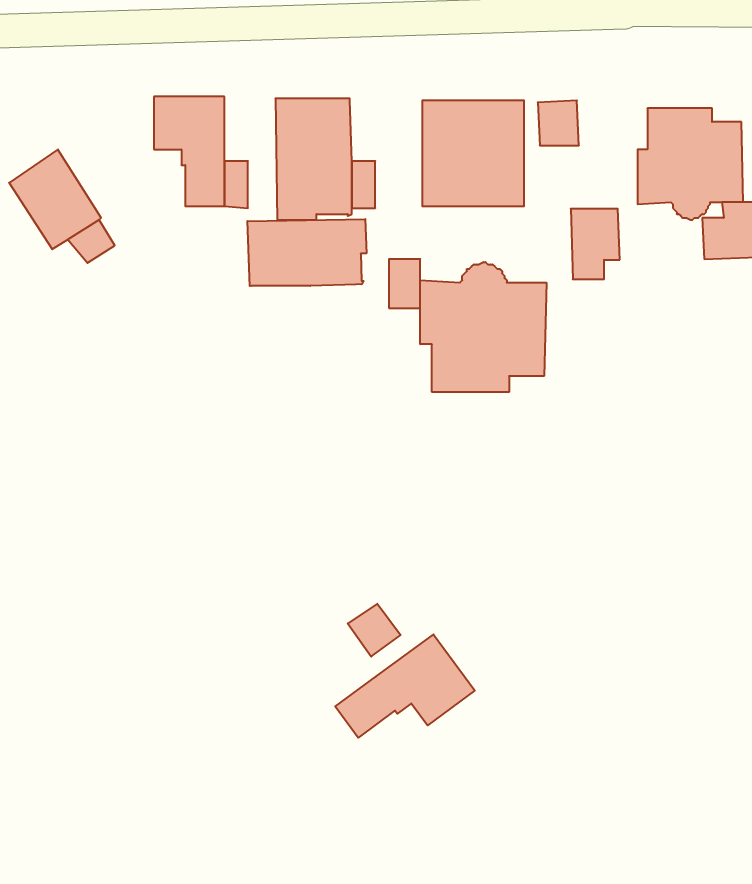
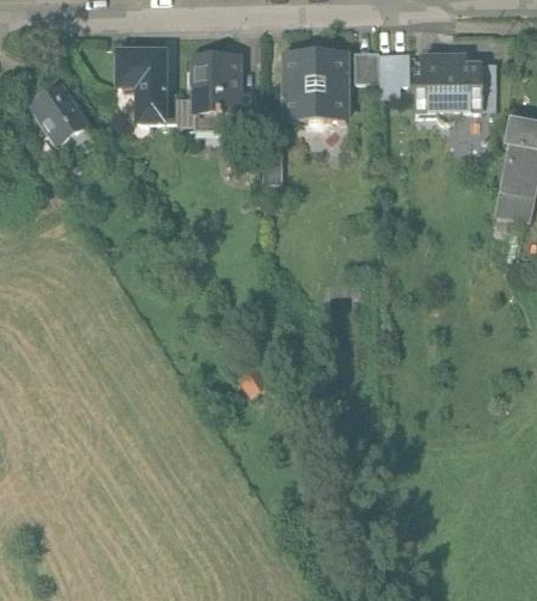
building: [571,209,620,279] -> [379,63,409,106]
building: [247,219,366,286] -> none
building: [420,262,546,392] -> none
building: [335,634,475,738] -> none

